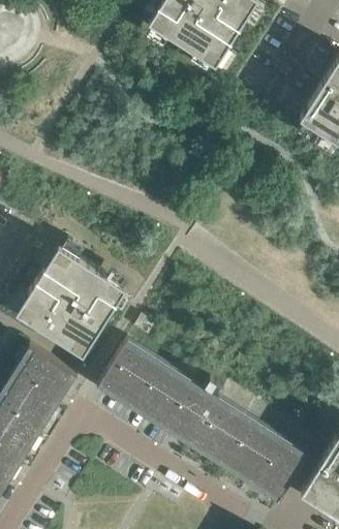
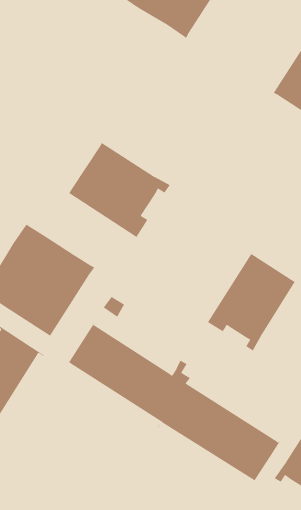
building: none -> [68,142,171,238]
building: none -> [207,253,296,351]

